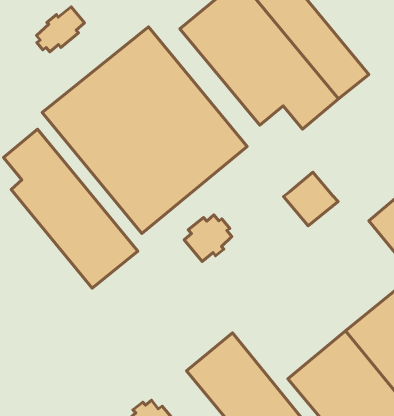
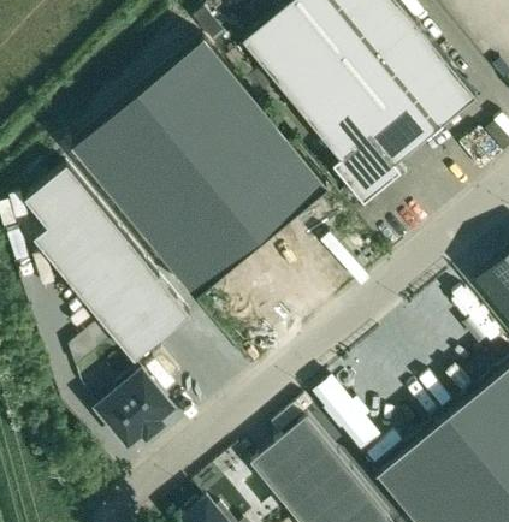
building: [36,7,85,52] -> none
building: [284,172,338,226] -> [335,137,402,203]
building: [184,215,232,261] -> none
building: none -> [100,374,172,444]

